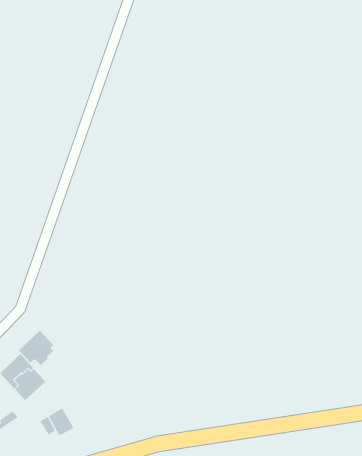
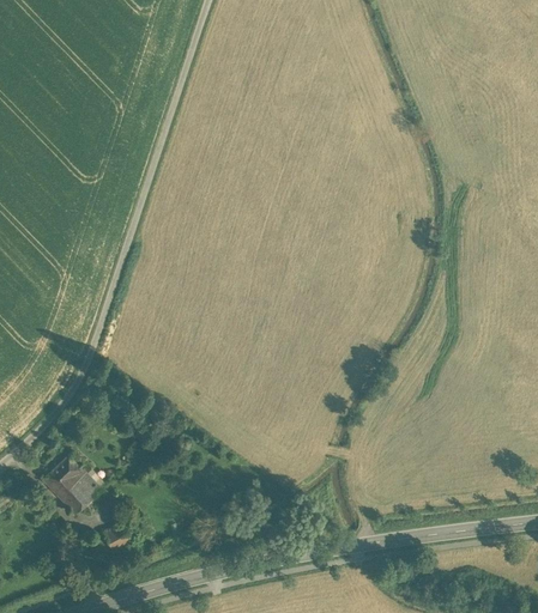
building: [18,330,54,366] -> none

